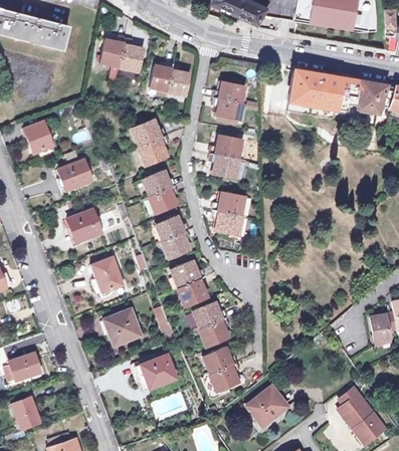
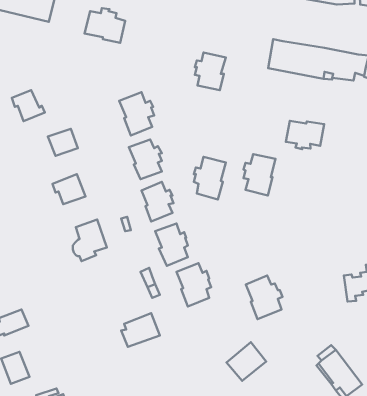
building: [148,59,187,94] -> none
building: [209,137,242,180] -> [244,154,276,196]
building: none -> [286,121,324,149]
building: [106,310,139,346] -> none
building: [203,348,241,393] -> [246,276,283,319]

